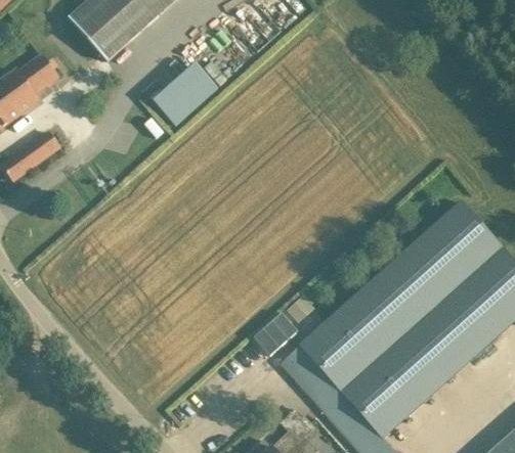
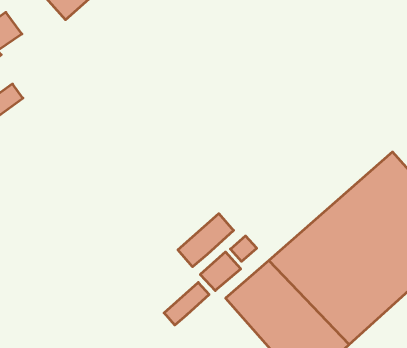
building: [149,58,216,125] -> none
building: none -> [178,214,234,267]
building: none -> [164,282,209,325]

